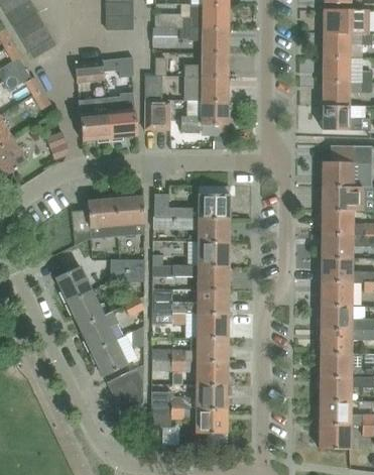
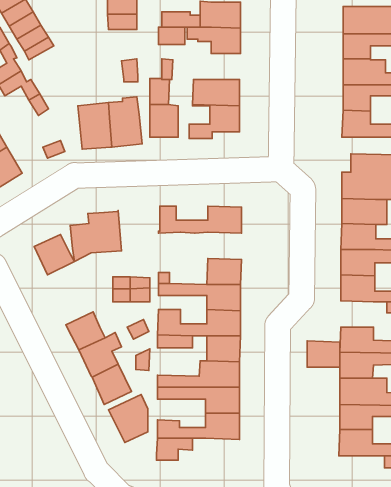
building: [184,51,228,76] -> none
building: [75,60,104,82] -> none
building: [115,195,145,234] -> none
building: [152,217,229,242] -> none
building: [54,265,92,303] -> [34,234,75,275]
building: [321,280,351,305] -> [307,341,340,367]
building: [196,407,227,433] -> none
building: [319,424,350,448] -> none

